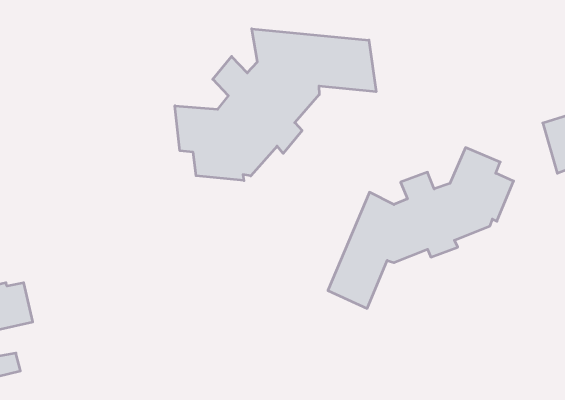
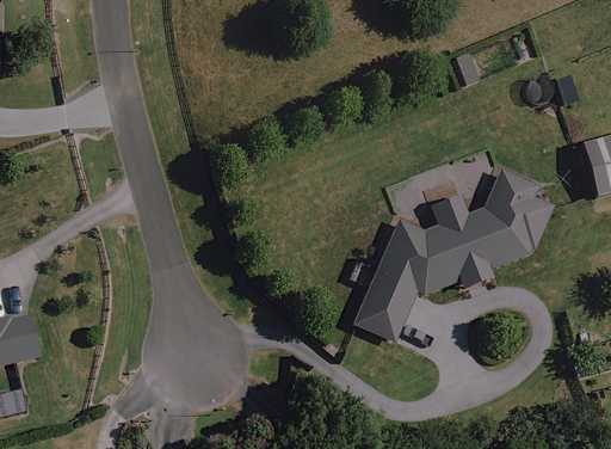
building: [175,29,376,181] -> none

